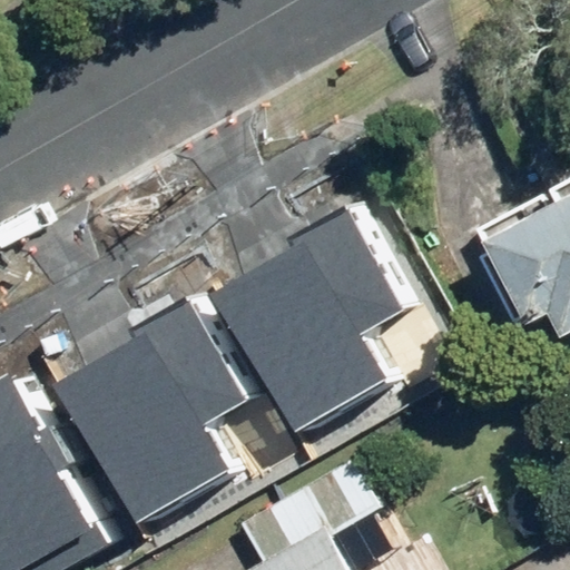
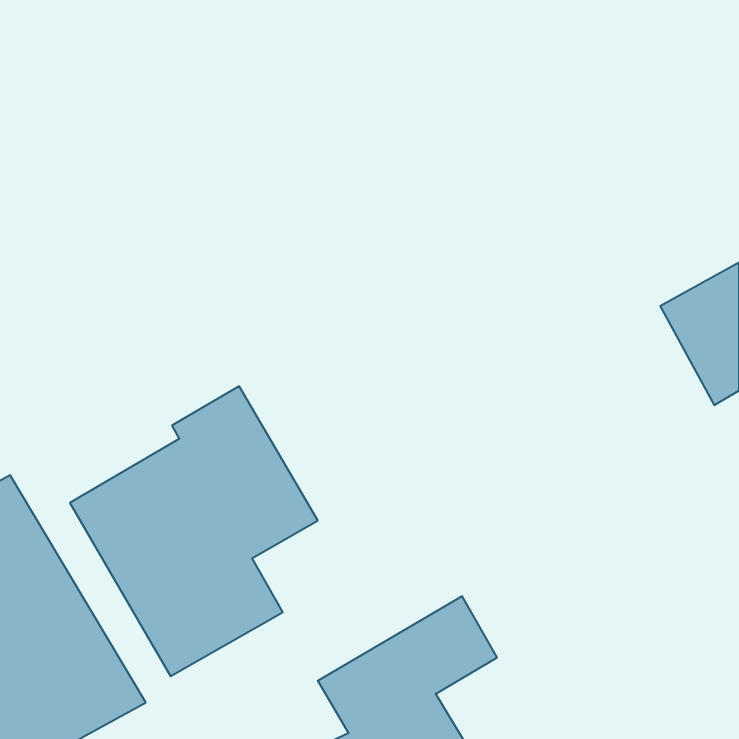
building: [217,207,406,429] -> none

